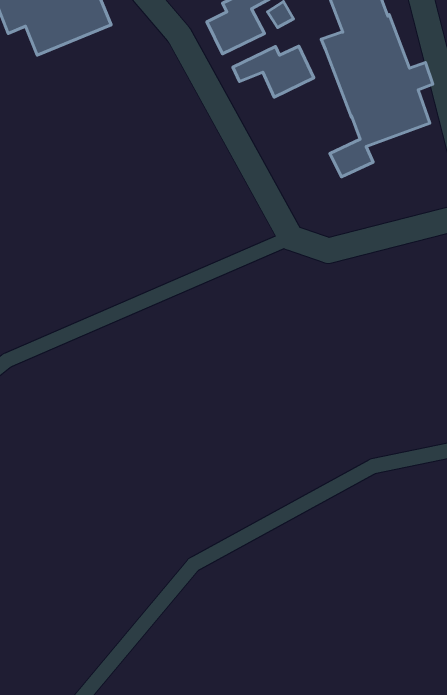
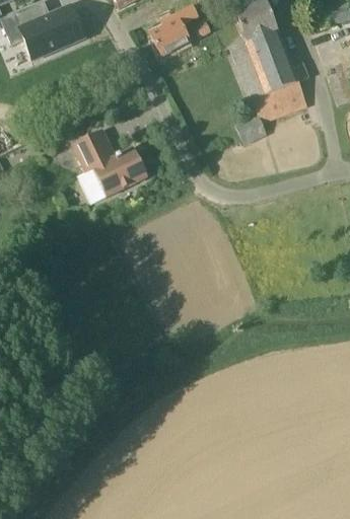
building: [233,46,314,97] -> none
building: none -> [73,129,148,204]

